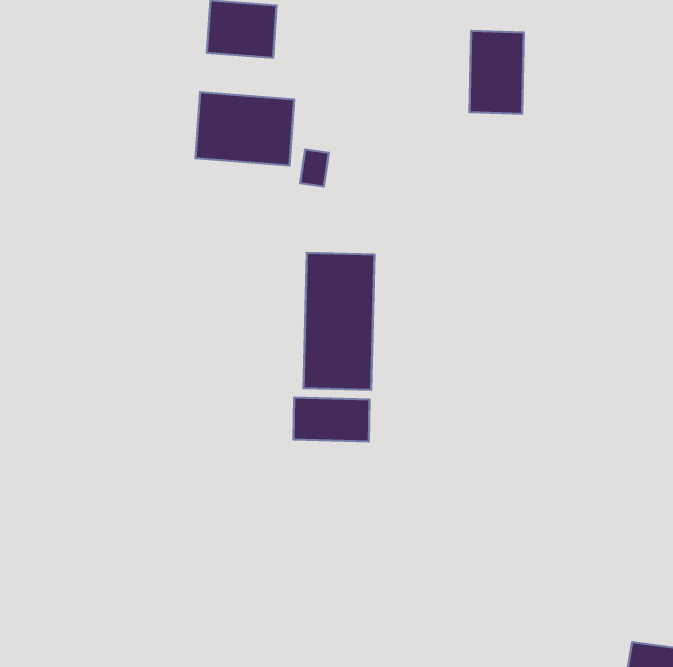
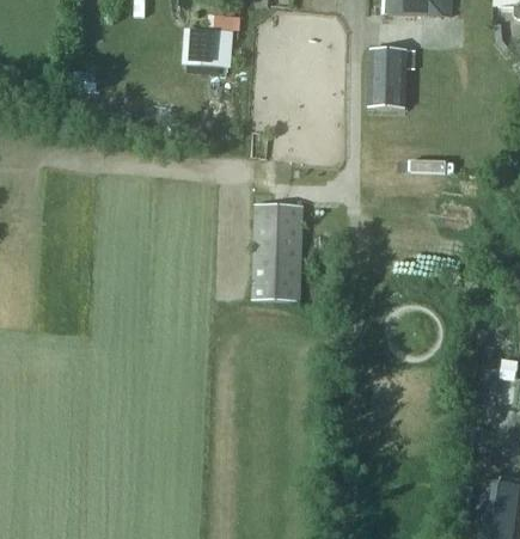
building: [196,92,294,165] -> none
building: [294,398,369,442] -> none

